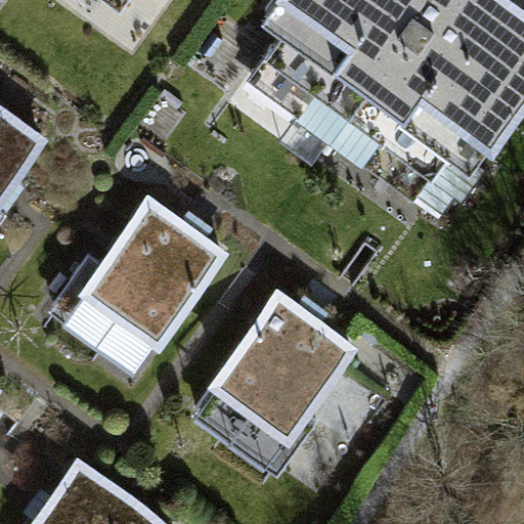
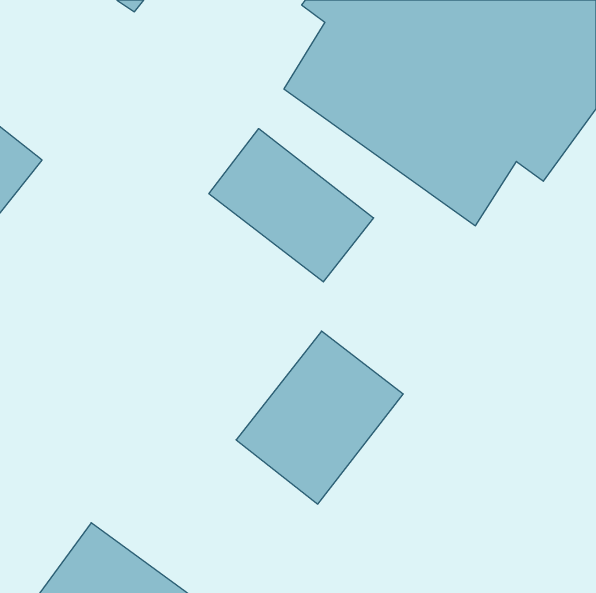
building: none -> [209,129,374,282]
building: [76,200,223,351] -> none

